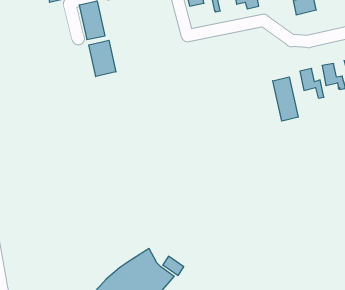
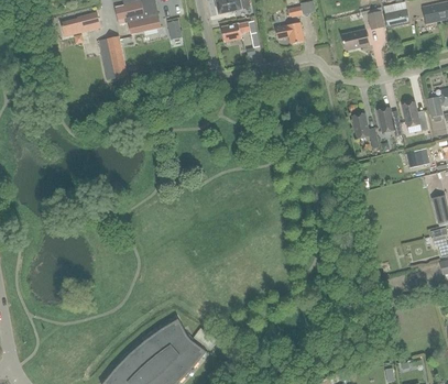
building: [89,40,116,77] -> none
building: [273,77,298,121] -> none

